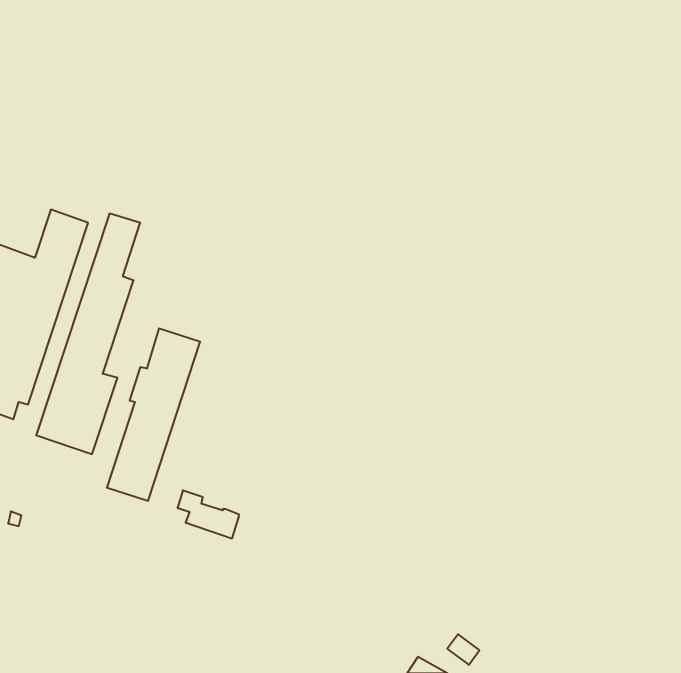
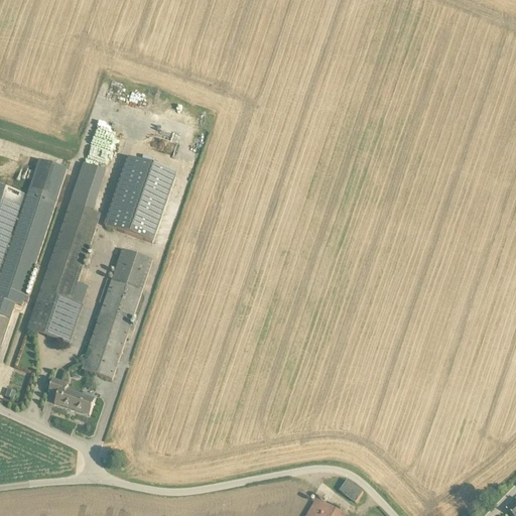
building: none -> [104,155,175,241]
building: [177,490,239,538] -> [47,378,94,414]

